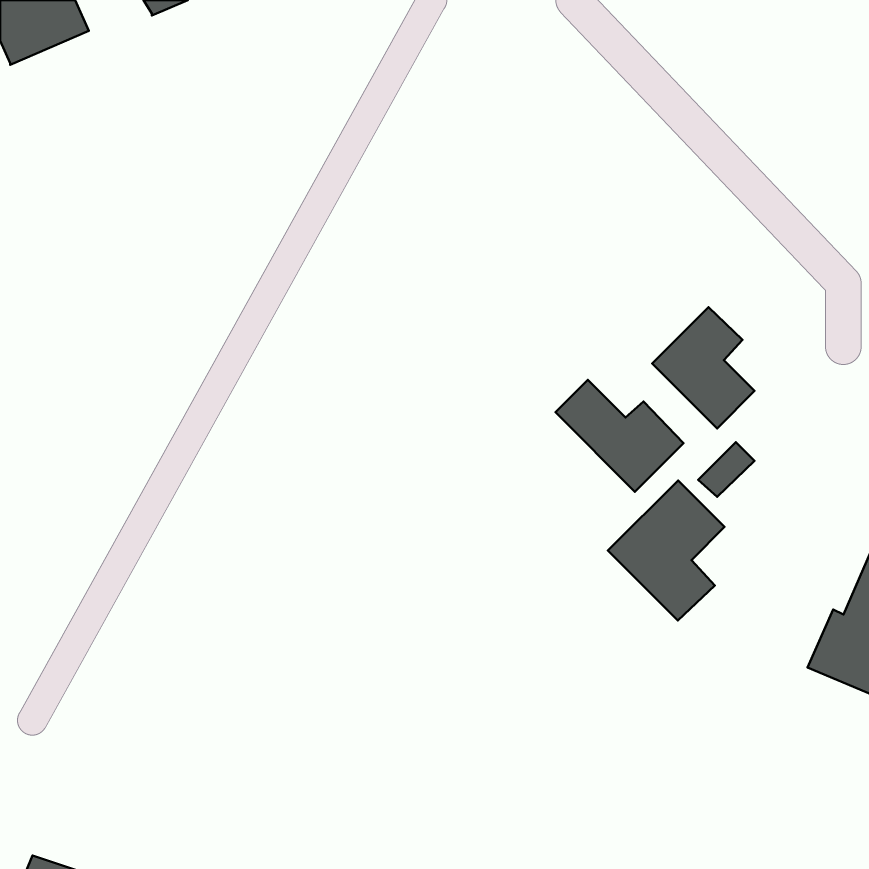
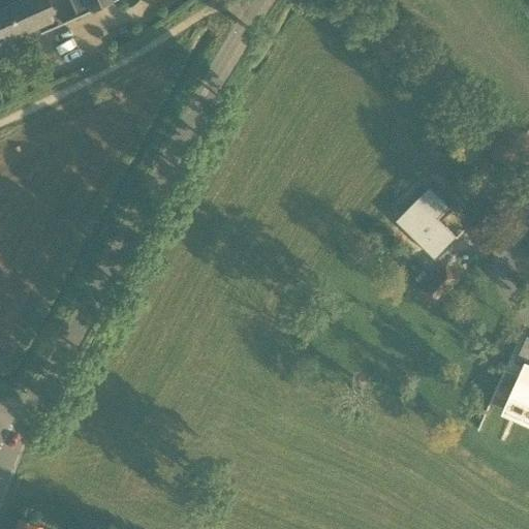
building: [555,380,683,492] -> none
building: [608,480,725,620] -> none

